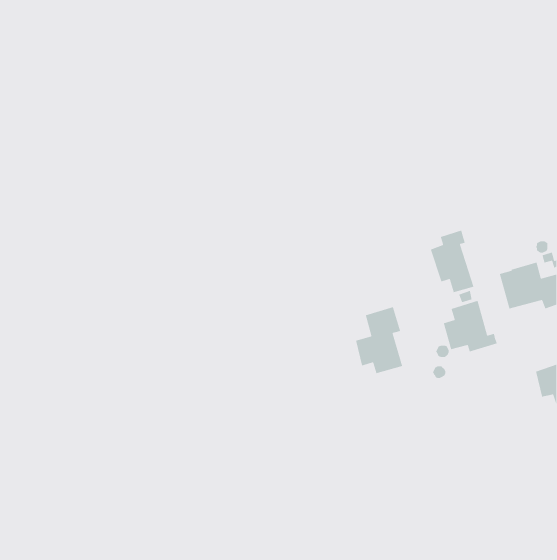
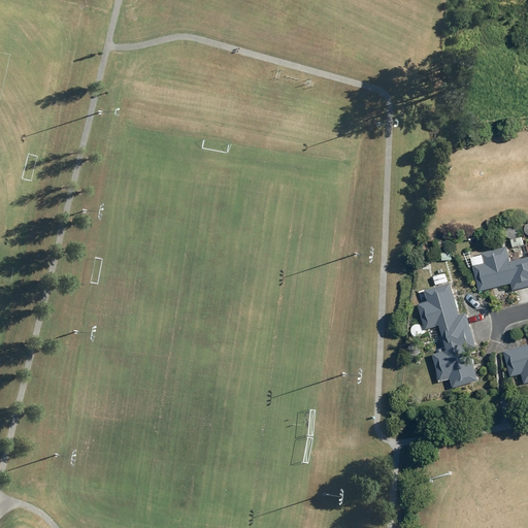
building: [430,230,475,293] -> none
building: [355,306,403,374] -> [432,323,477,387]

